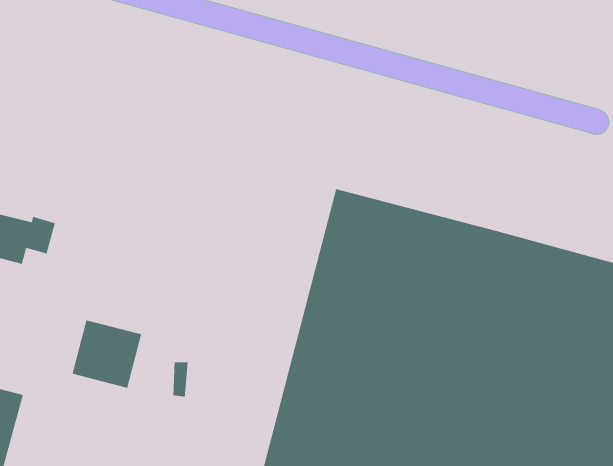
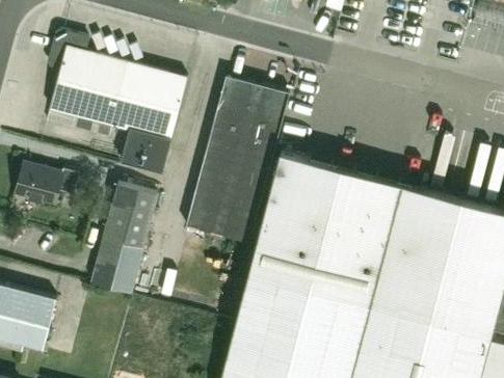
building: none -> [47,32,187,174]
building: none -> [185,78,289,246]
building: none -> [101,185,157,256]

